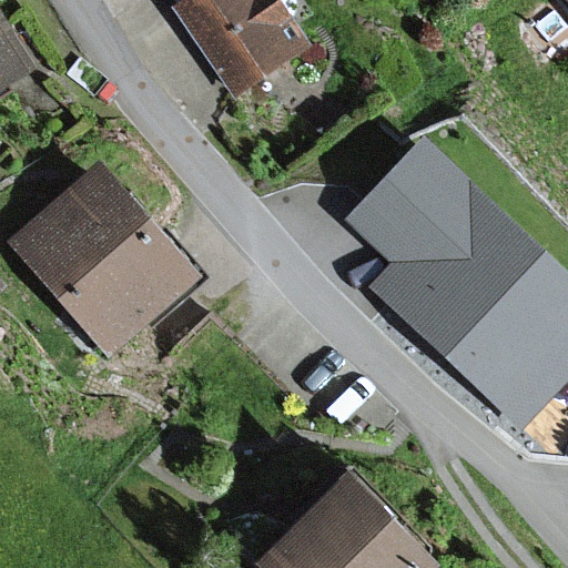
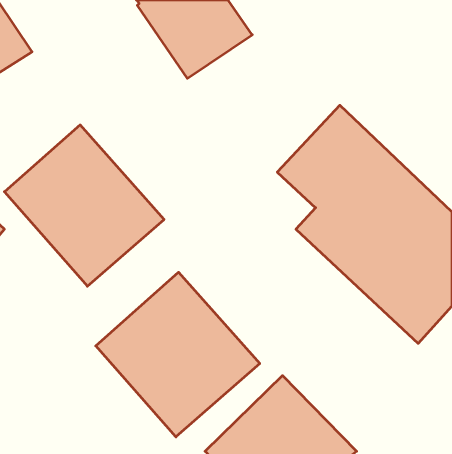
building: none -> [96,272,260,437]

